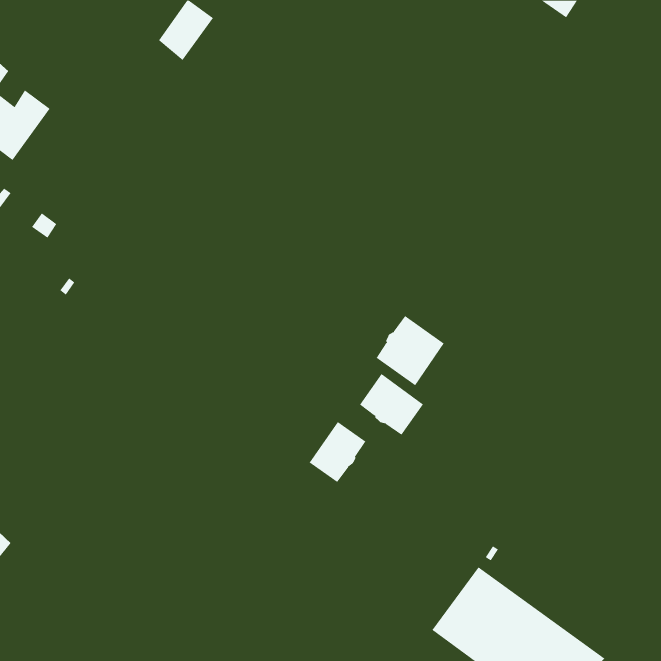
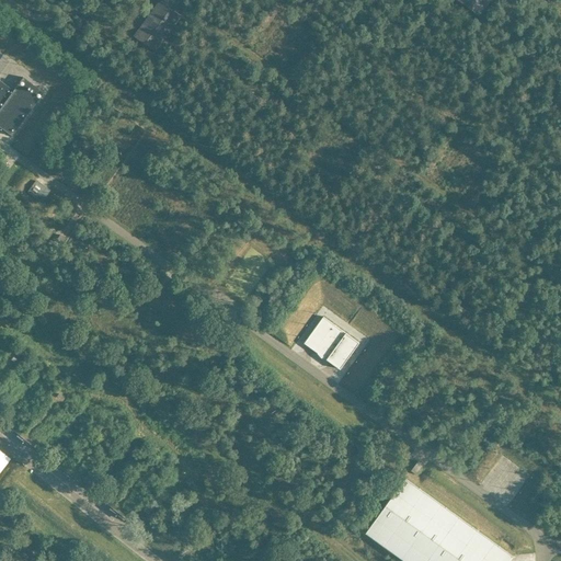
building: [376,315,445,386] -> none
building: [309,421,366,483] -> none

